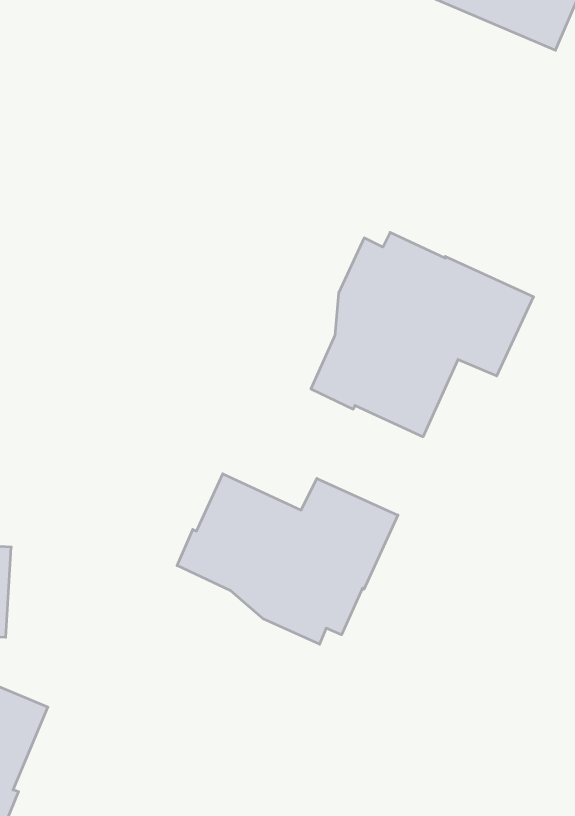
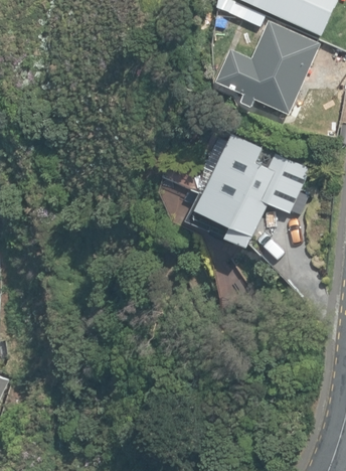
building: none -> [202,13,306,107]
building: [177,474,398,644] -> none

